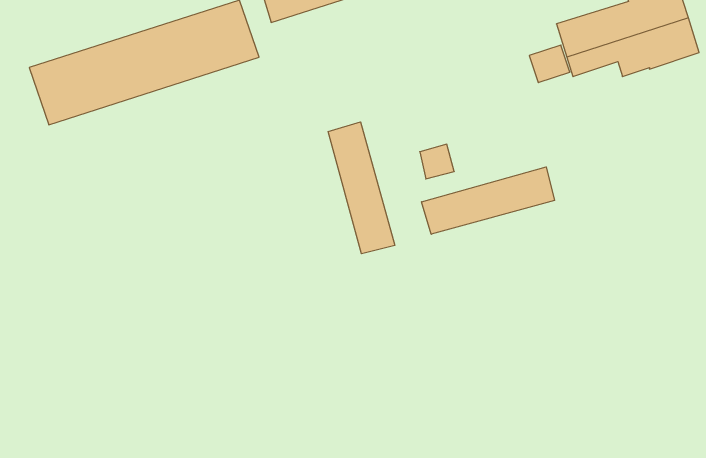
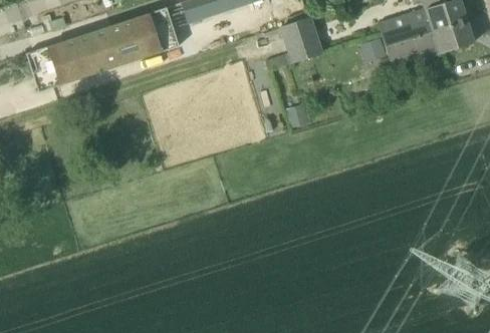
building: none -> [282,15,322,62]
building: [328,122,395,254] -> none
building: [422,167,555,234] -> none

